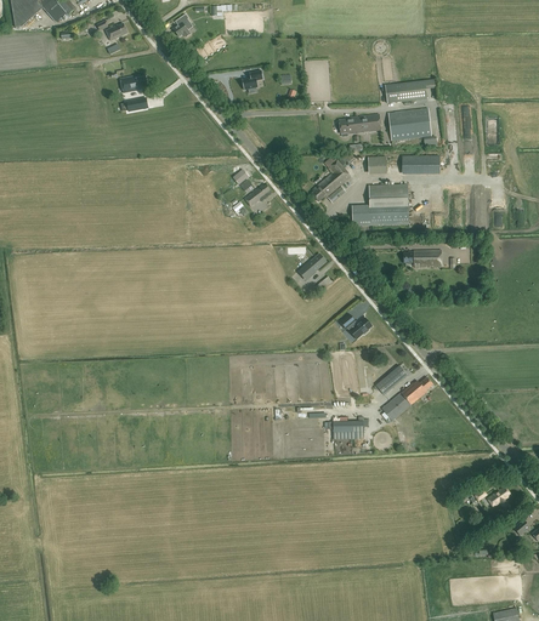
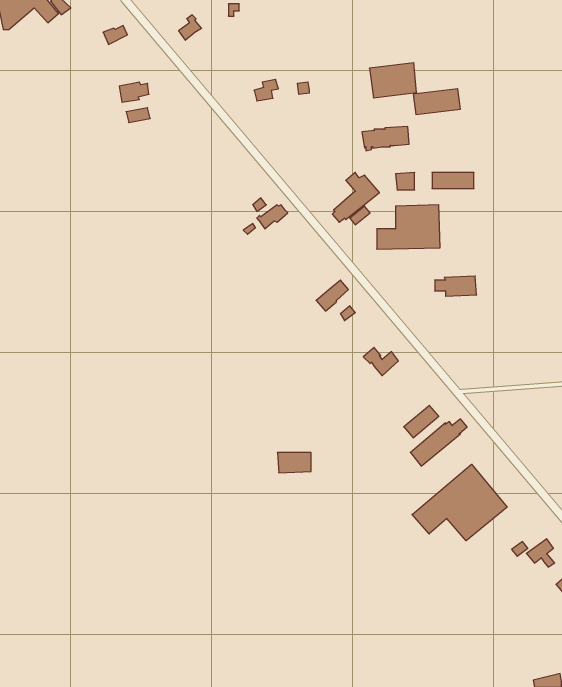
building: [388,108,431,139] -> [369,63,417,98]
building: none -> [412,464,507,541]
building: [333,421,363,439] -> [277,453,311,473]

